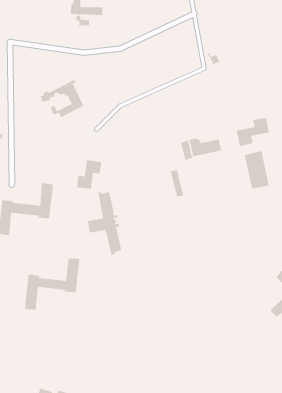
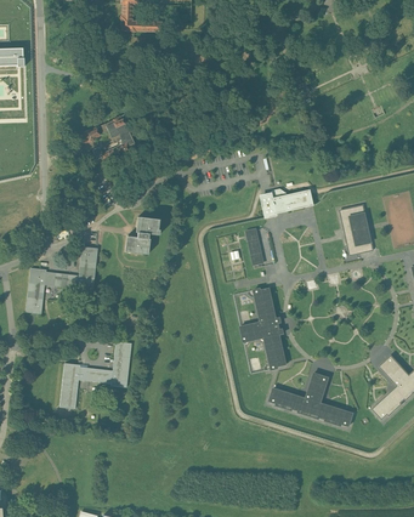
building: [236,117,269,147] -> none
building: [87,191,122,255] -> [240,289,285,370]
building: none -> [270,374,352,426]

